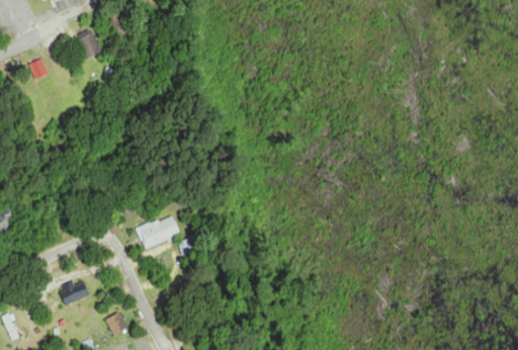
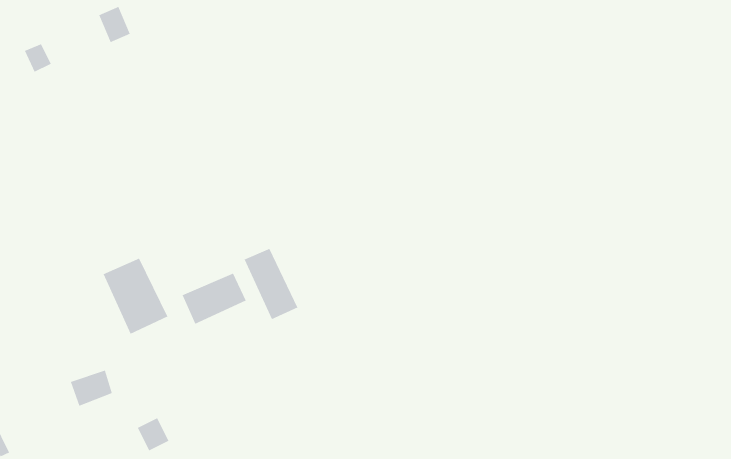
building: none -> [244,248,299,320]
building: none -> [102,258,168,335]

